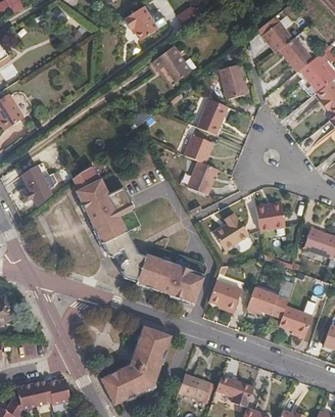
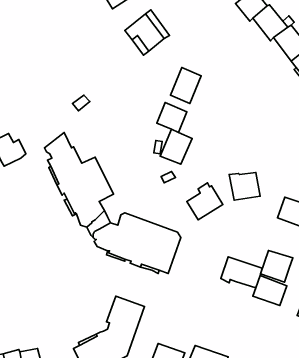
building: [219,64,247,99] -> none
building: [208,280,241,311] -> none
building: none -> [261,250,293,282]

